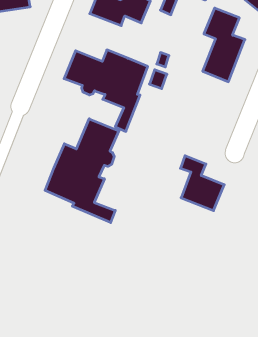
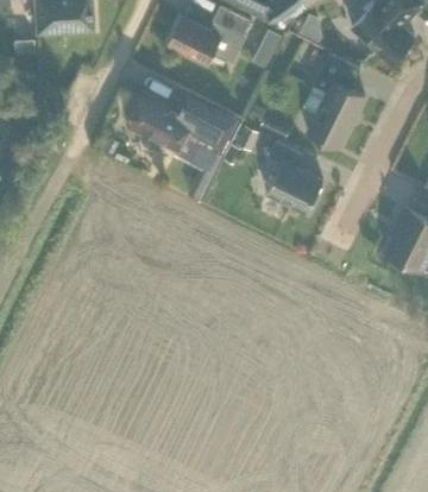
building: [45,119,119,223] -> none
building: [180,156,224,211] -> [265,138,322,212]

